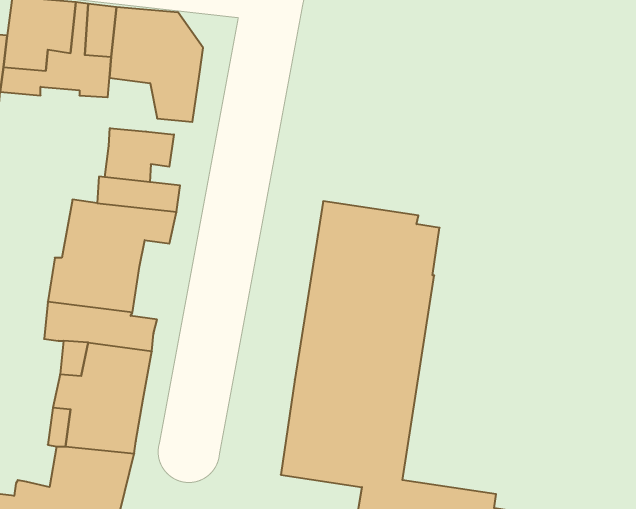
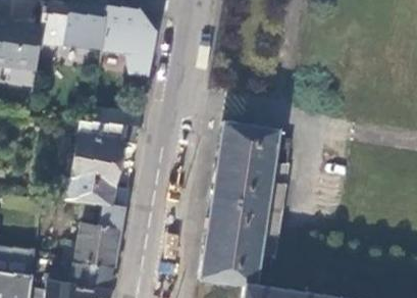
building: [105,128,174,182] -> none

